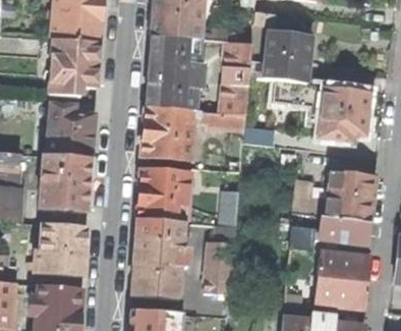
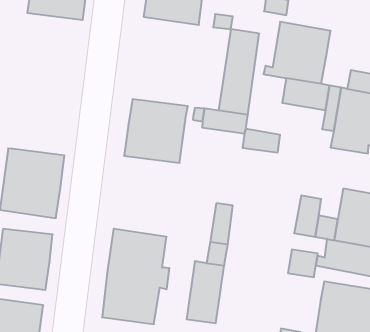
building: [147,35,203,109] -> none
building: [51,38,100,96] -> none
building: [47,103,95,158] -> none
building: [137,169,189,222] -> none

